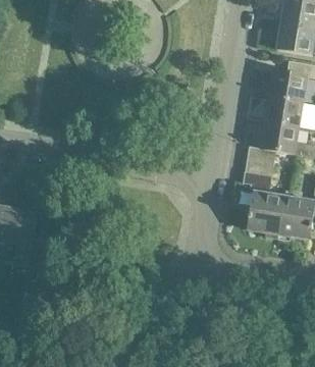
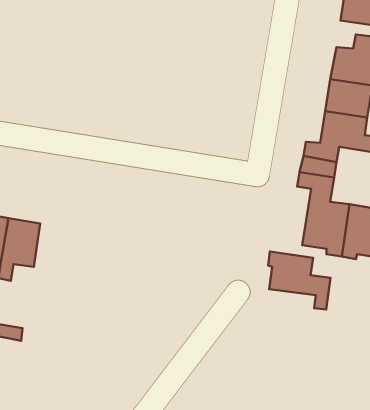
building: none -> [268,251,331,309]

